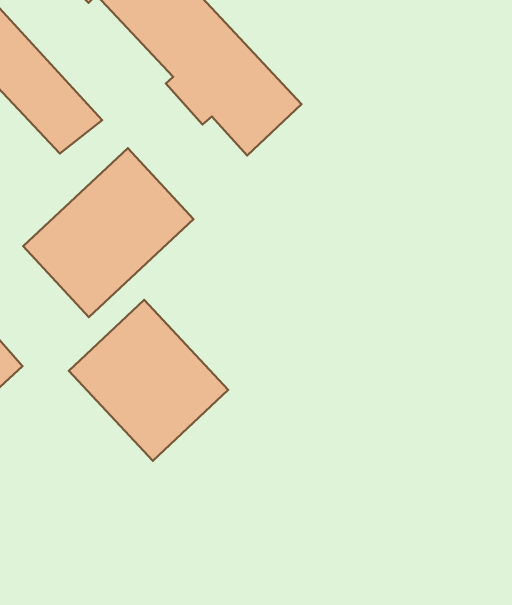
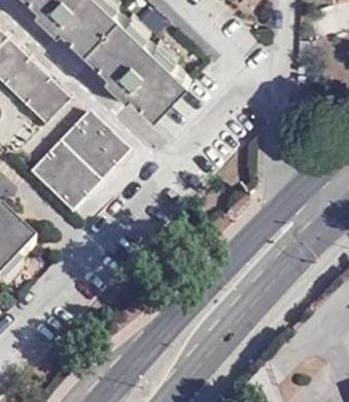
building: [69,300,228,461] -> none

